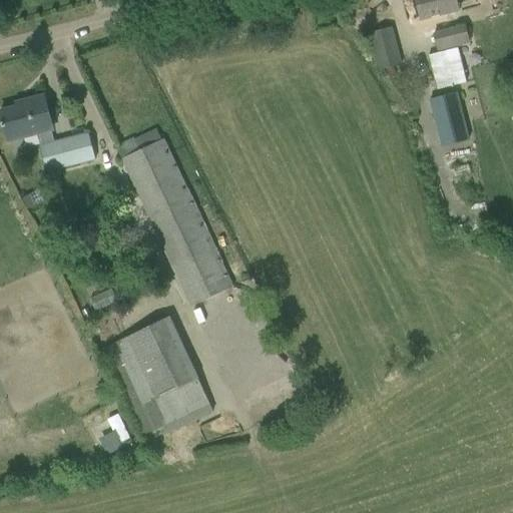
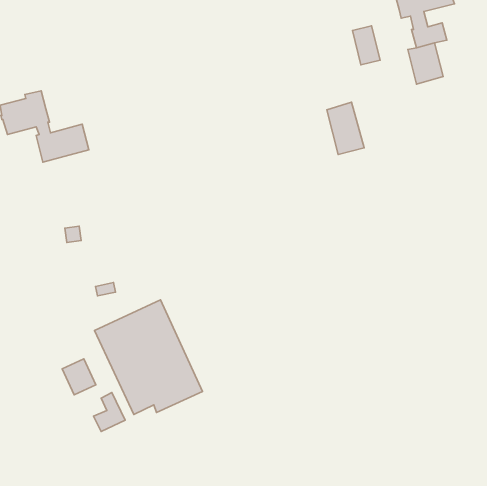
building: [430,90,469,145] -> [327,102,364,155]
building: [121,137,233,305] -> none
building: none -> [62,359,96,395]

